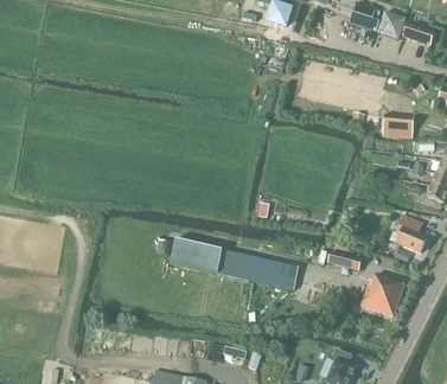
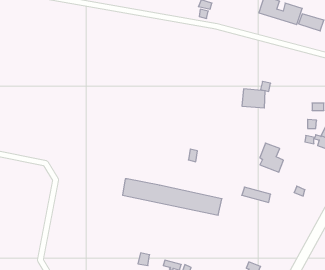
building: [382,113,413,137] -> [242,89,265,108]
building: [395,215,426,252] -> [260,143,283,172]
building: [353,273,403,315] -> none

